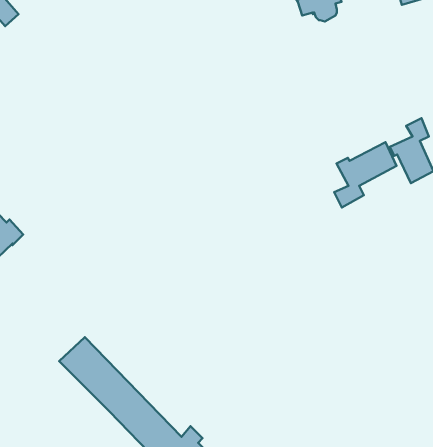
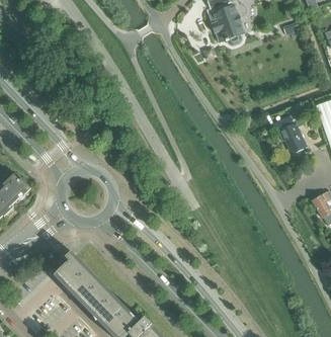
building: [334,142,396,208] -> none

